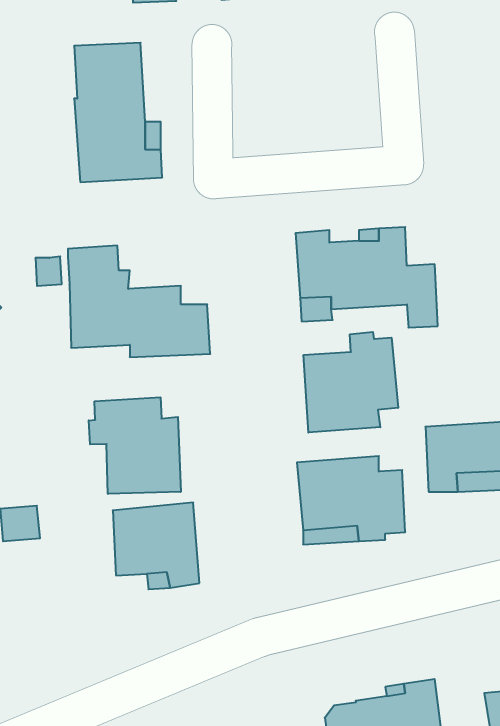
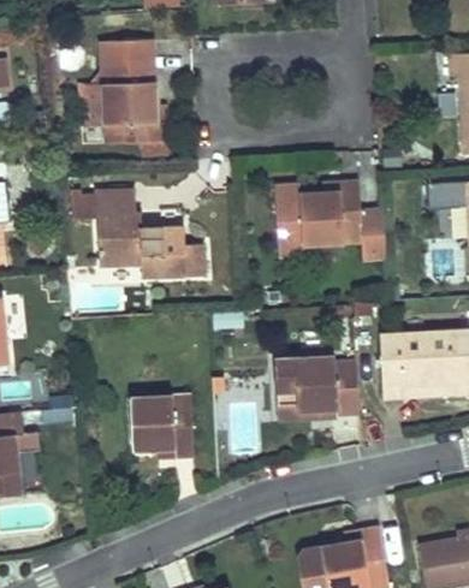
building: [304,332,398,433] -> none
building: [89,397,181,494] -> none

